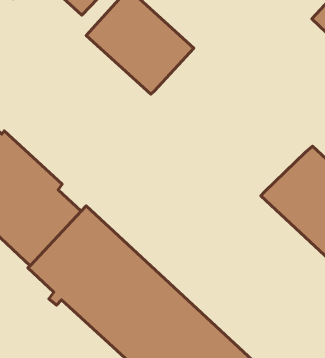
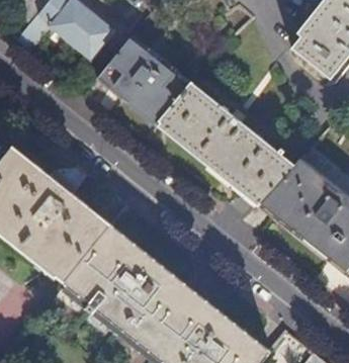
building: none -> [159,80,293,199]

